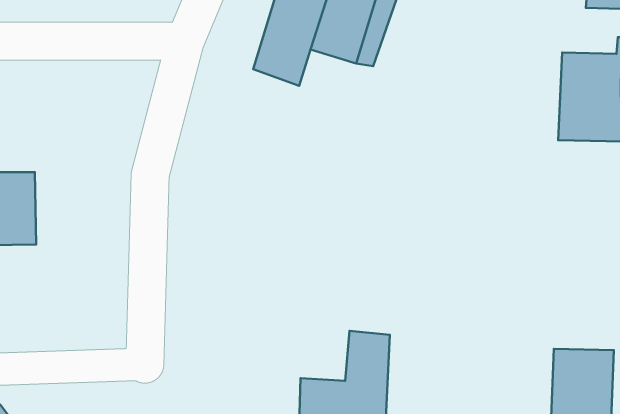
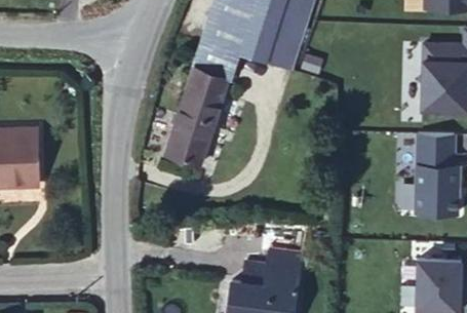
building: none -> [171,56,230,161]
building: none -> [416,138,460,219]

